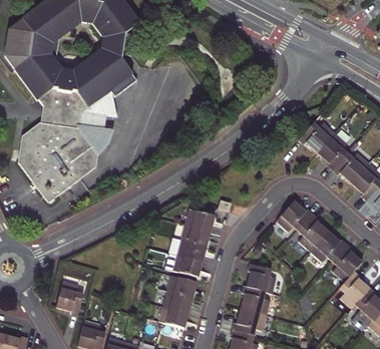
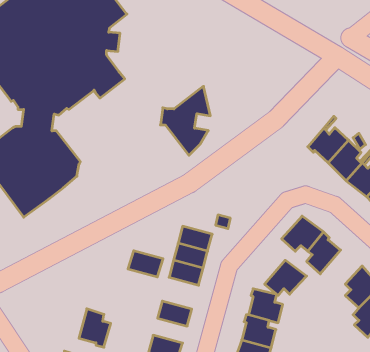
building: [73,90,117,151] -> [160,86,210,155]
building: [310,230,347,261] -> [265,260,307,295]
building: [171,254,203,277] -> [128,251,163,277]
building: [56,280,84,314] -> [79,309,111,347]
building: [162,290,193,312] -> none

